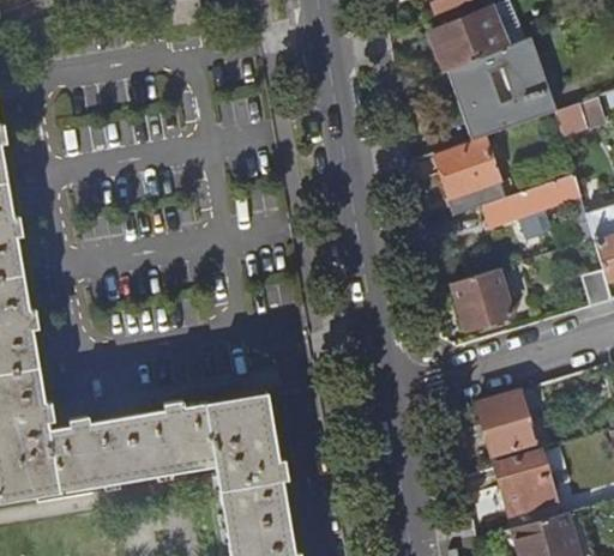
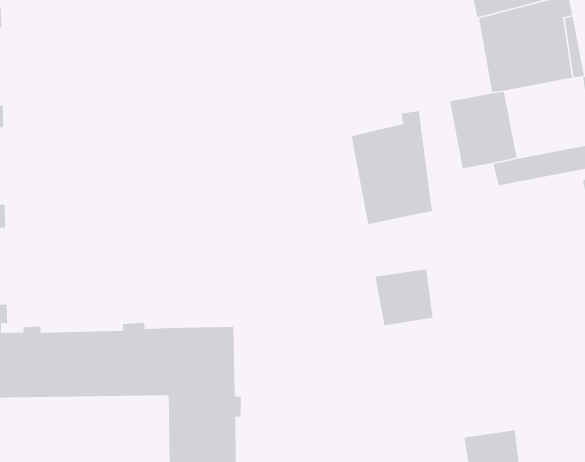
building: none -> [351,110,433,225]
building: [452,268,513,328] -> [375,269,434,326]
building: [477,391,535,453] -> none

